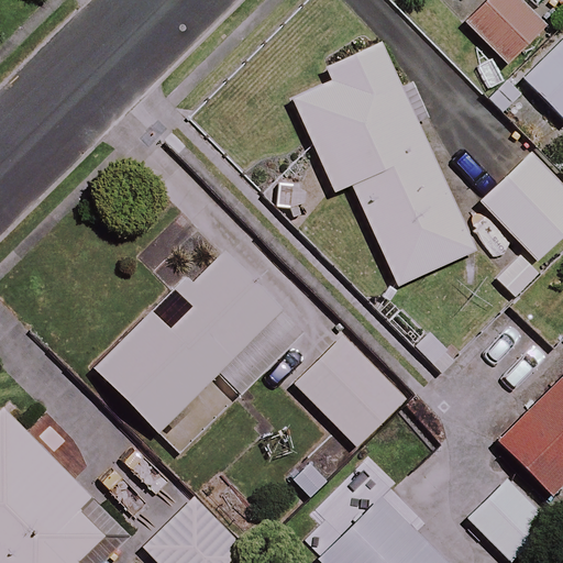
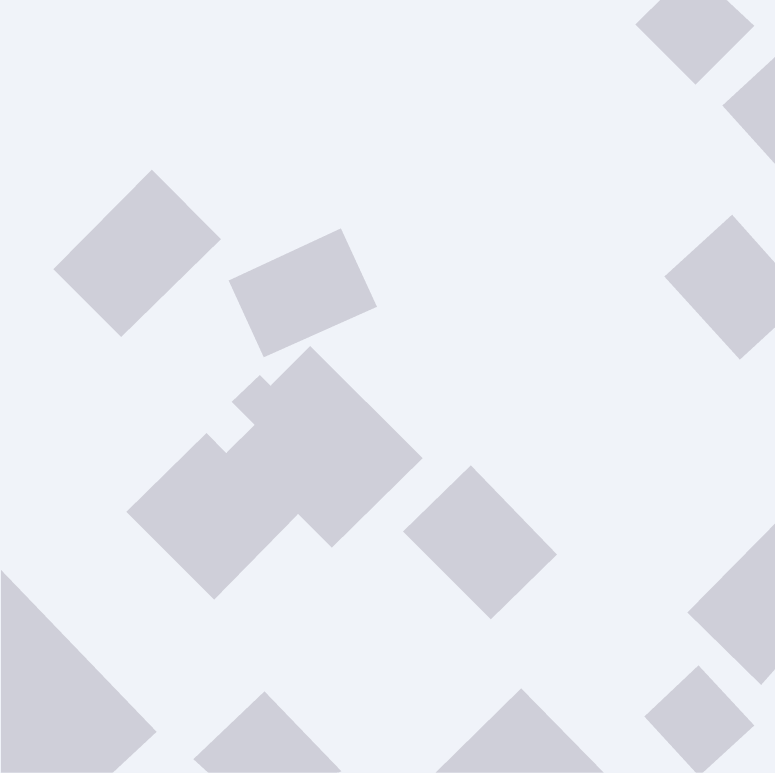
building: [291,44,474,286] -> none
building: none -> [52,169,222,338]
building: none -> [228,228,378,358]

